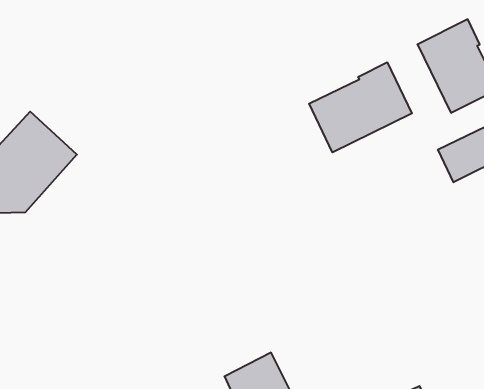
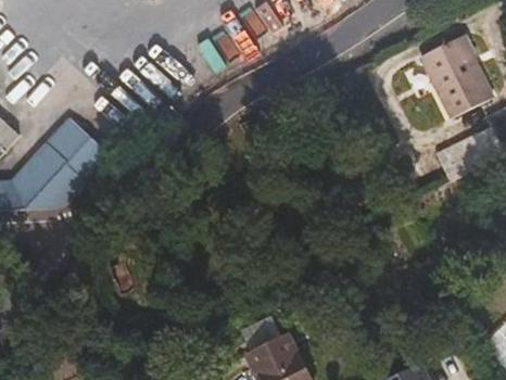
building: [309,62,412,152] -> none

